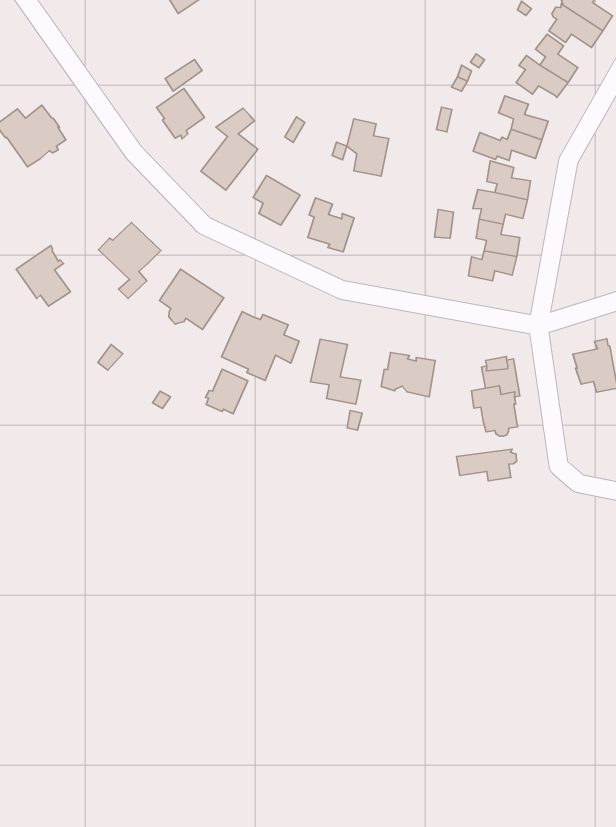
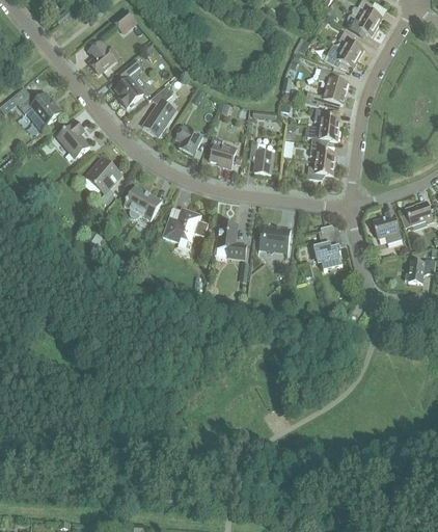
building: none -> [88,39,115,73]
building: [347,119,389,176] -> [248,140,273,174]
building: [16,245,70,306] -> [56,118,89,155]
building: [205,369,248,414] -> none
building: [457,449,517,481] -> none

